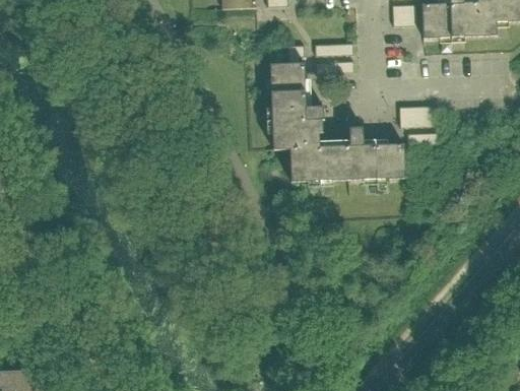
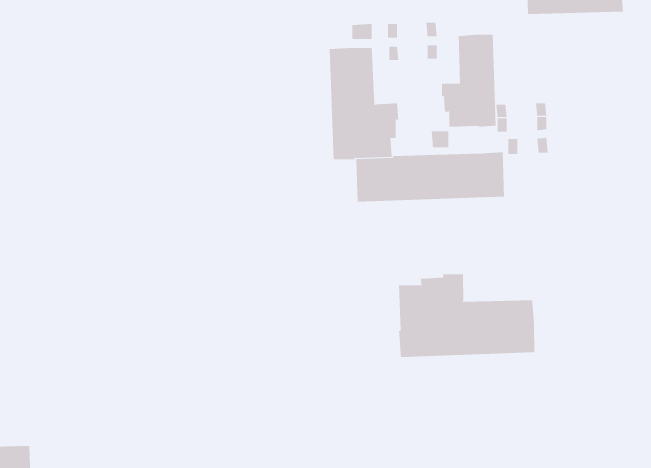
building: none -> [441,34,496,128]
building: none -> [398,273,535,358]

